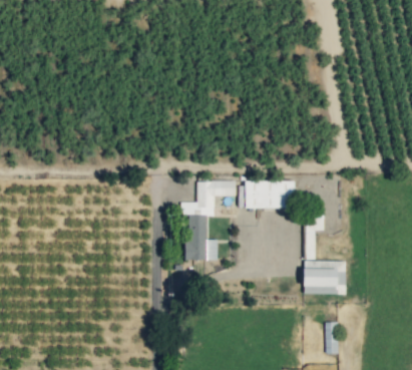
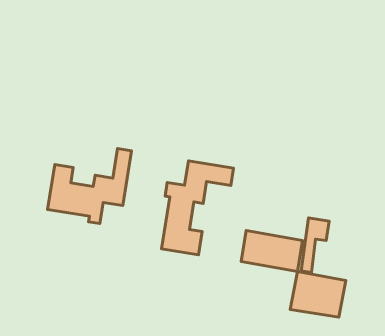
building: none -> [48,148,131,224]
building: [245,180,294,209] -> [241,230,302,272]

